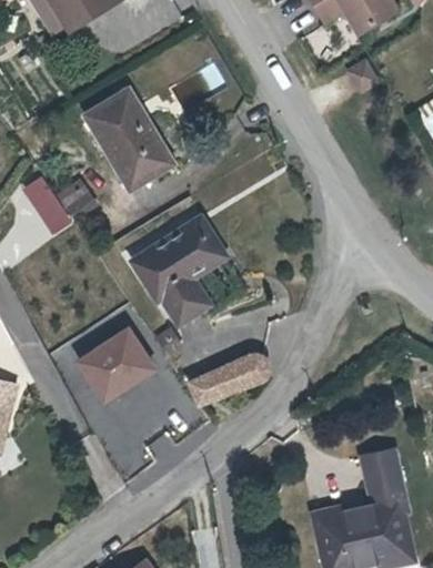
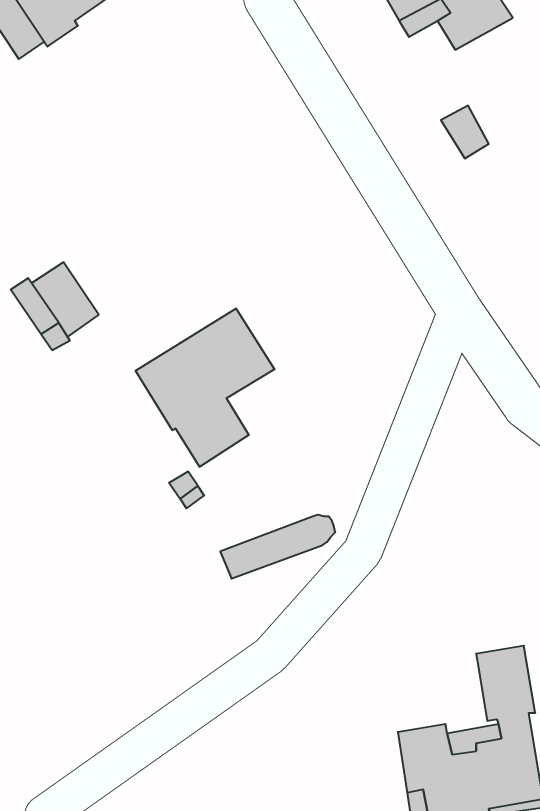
building: [83,89,177,193] -> none
building: [78,327,153,398] -> none

